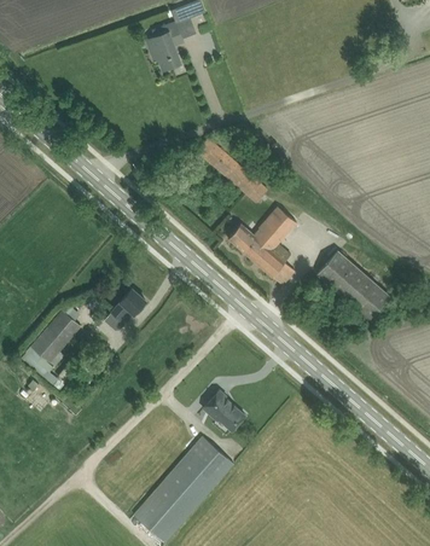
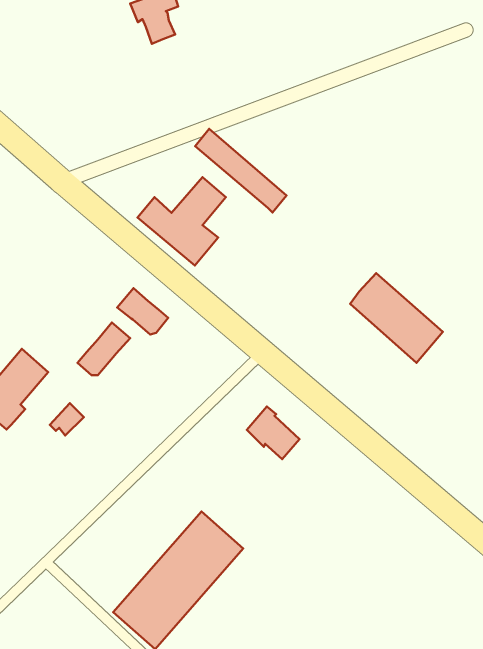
building: [228,208,297,277] -> [138,177,226,265]
building: none -> [117,288,168,334]
building: [204,390,245,431] -> [247,407,299,459]

